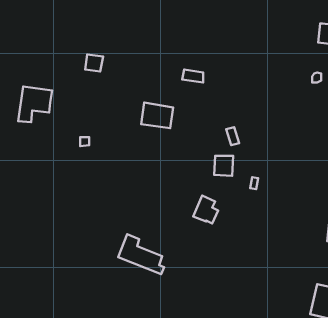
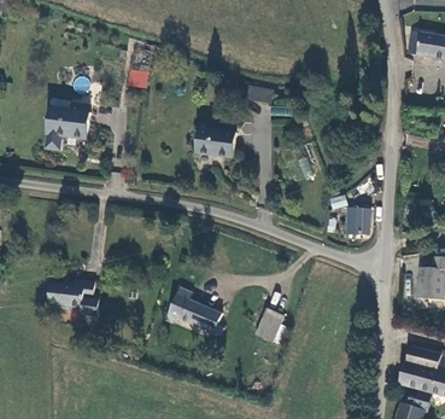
building: [214,156,233,176] -> [344,210,367,234]
building: [193,195,218,223] -> [256,309,286,343]
building: none -> [47,280,99,318]

